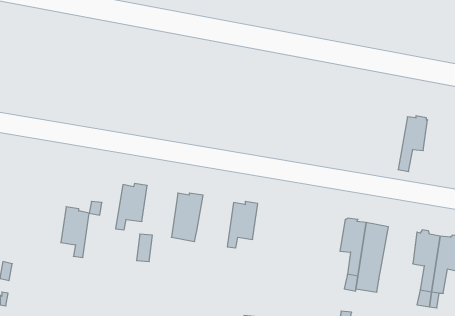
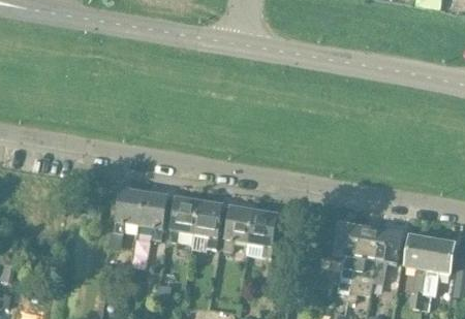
building: [398,116,428,172] -> [372,229,401,284]
building: none -> [191,199,222,249]
building: none -> [247,208,277,257]
building: [61,207,89,257] -> [140,190,167,240]

